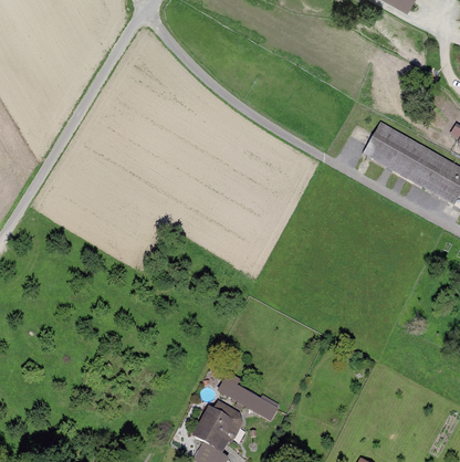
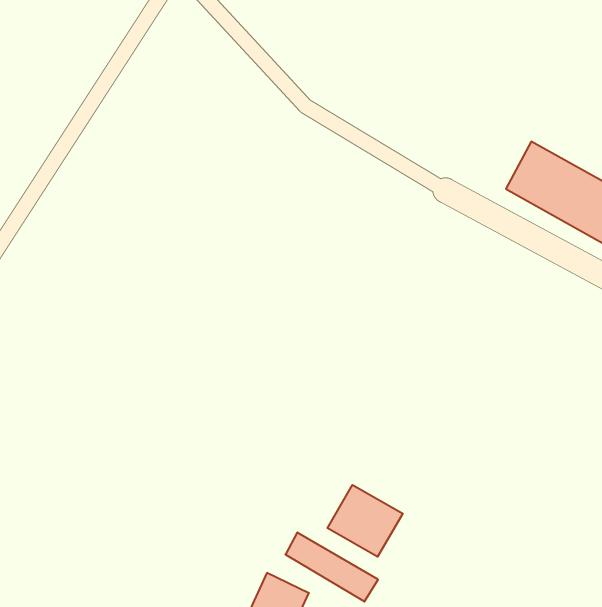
building: none -> [327,485,403,557]

